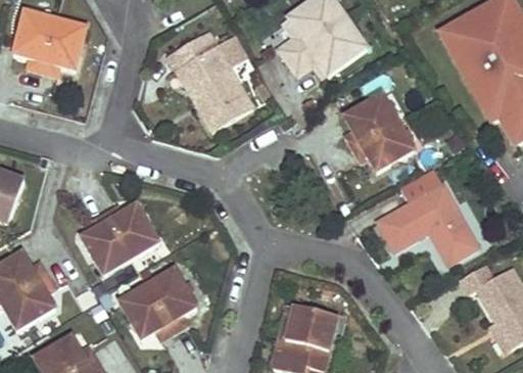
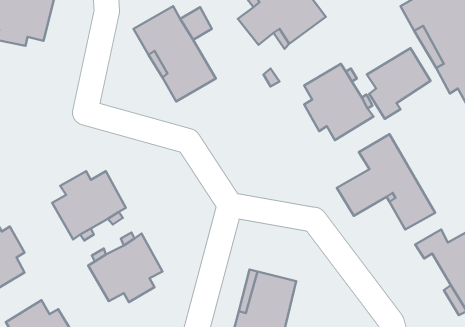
building: none -> [367,48,431,119]

